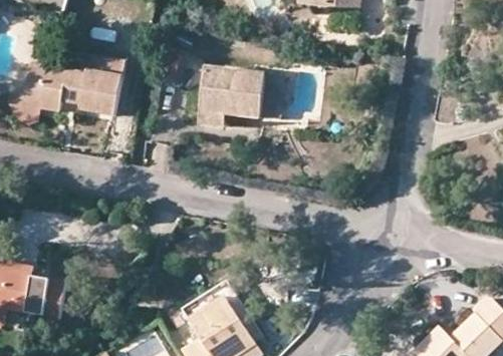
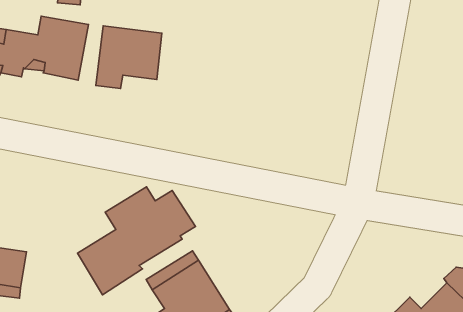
building: [199,66,263,127] -> [96,26,162,89]
building: none -> [78,187,196,295]

